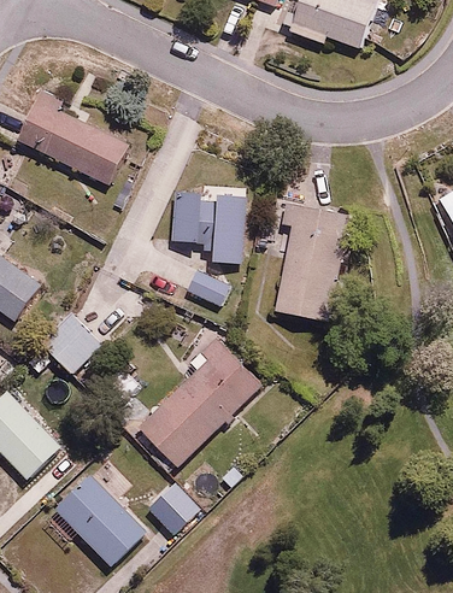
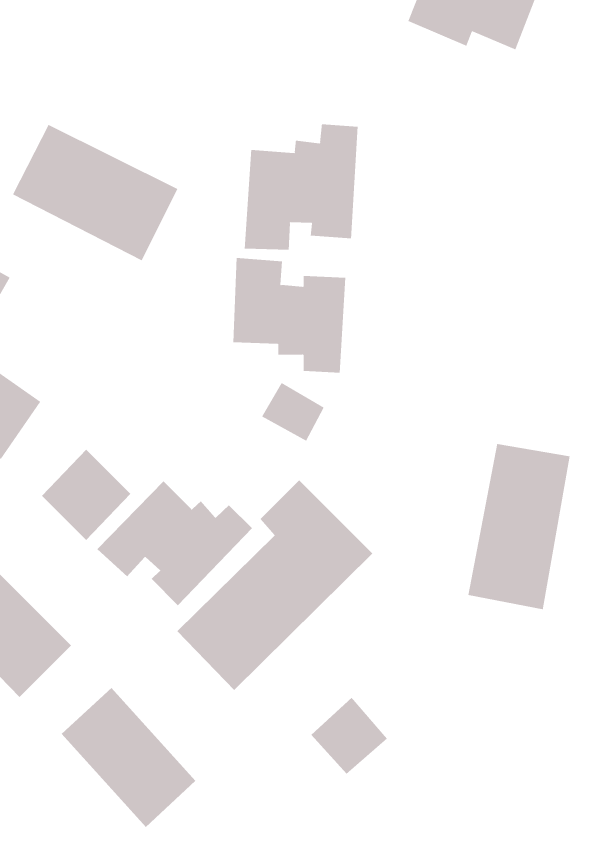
building: none -> [244,124,358,251]
building: [277,209,346,319] -> [468,444,571,610]
building: none -> [96,481,253,606]
building: [147,482,199,534] -> [310,697,388,774]

